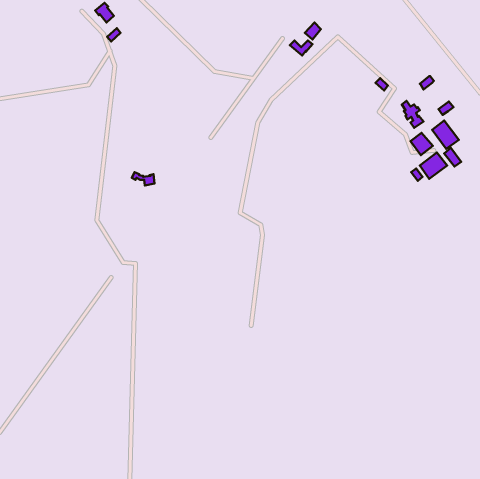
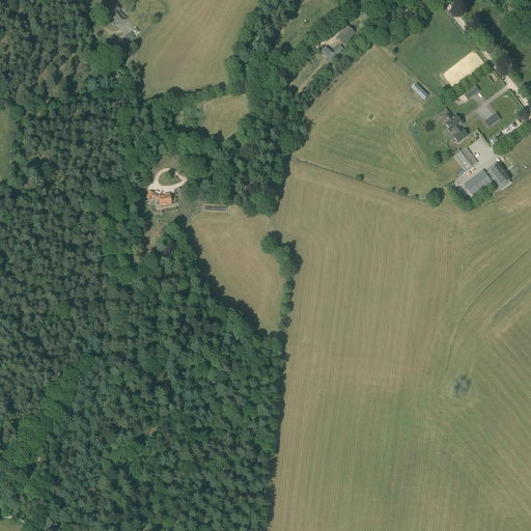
building: [432,121,459,149] -> none

